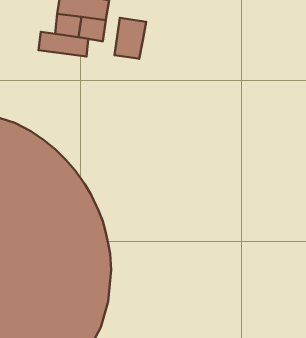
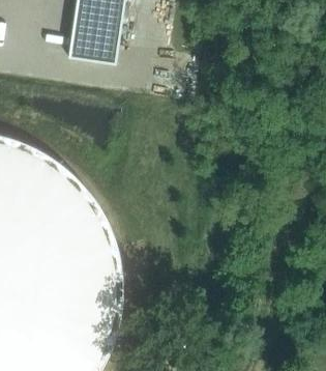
building: [114,18,146,59] -> none
building: [39,32,88,56] -> none

